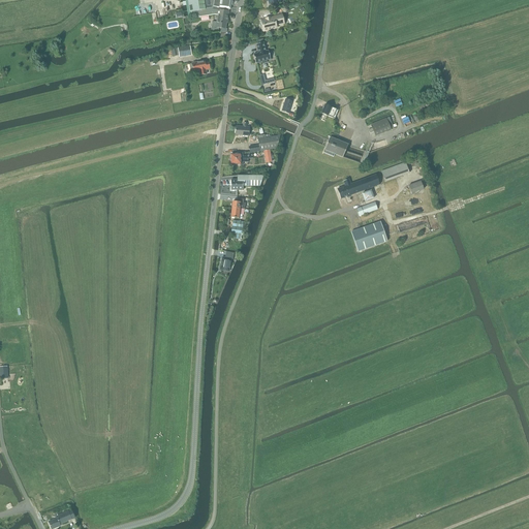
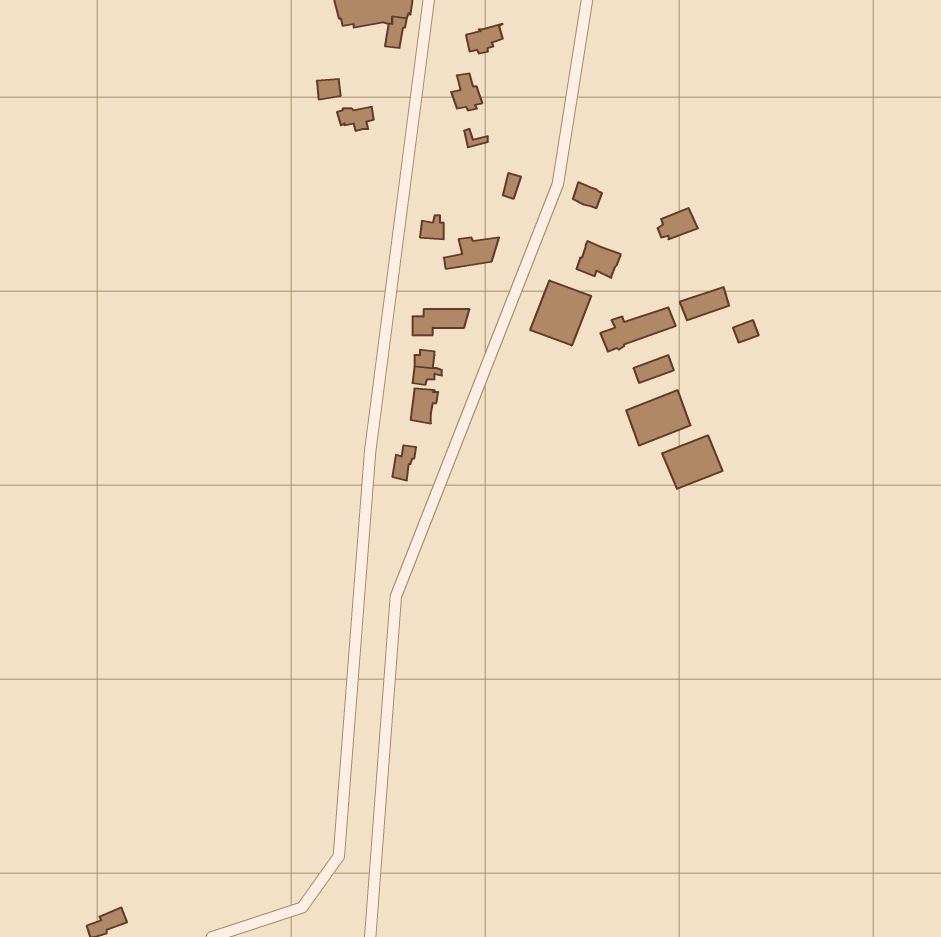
building: none -> [530,280,591,346]
building: none -> [662,435,723,489]

